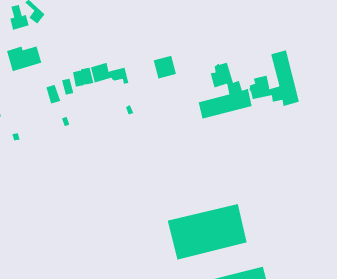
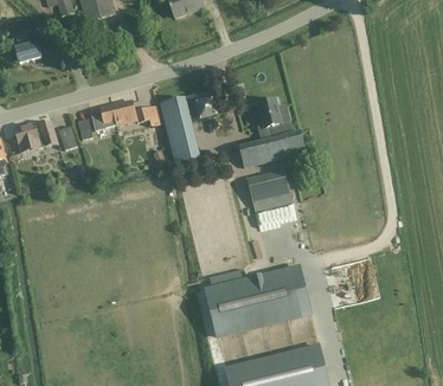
building: [6,46,42,72] -> [14,122,57,153]
building: [249,49,299,107] -> none
building: none -> [159,98,198,162]
building: none -> [246,168,293,212]

